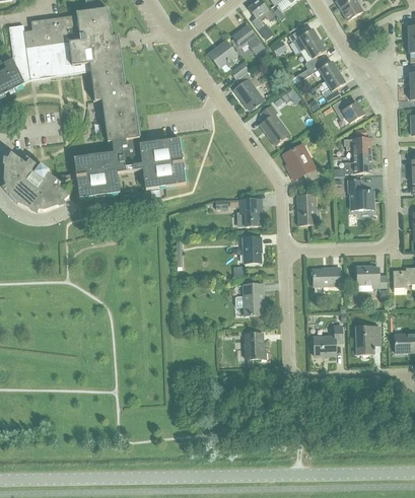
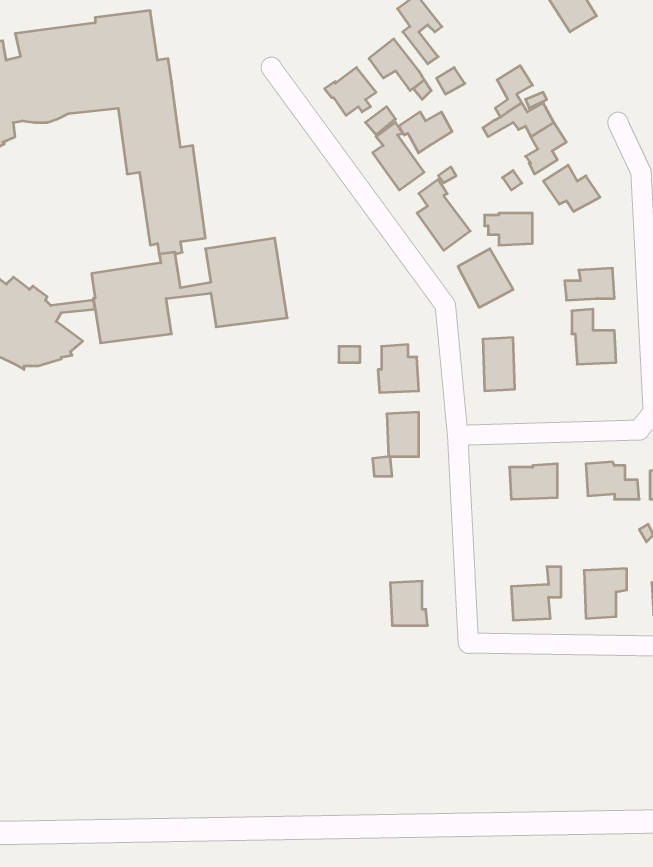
building: [288,27,319,51] -> [399,112,452,153]
building: [344,137,371,155] -> [484,213,532,245]
building: [235,283,264,314] -> none

